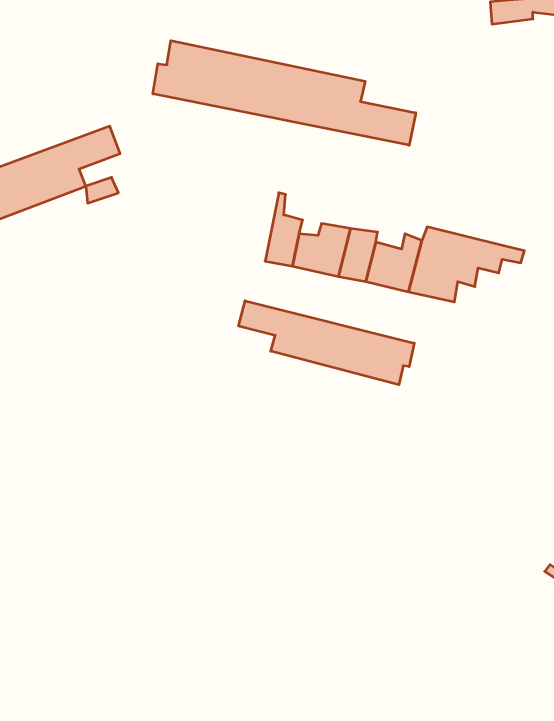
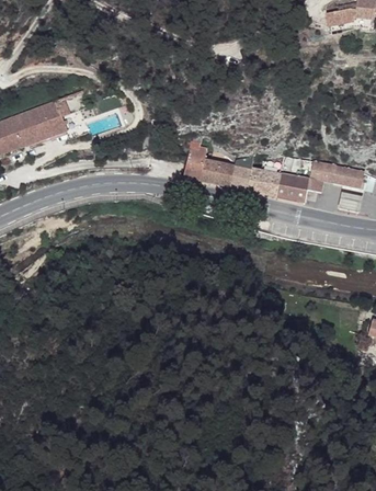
building: [153,41,416,145] -> none
building: [239,301,414,385] -> none

